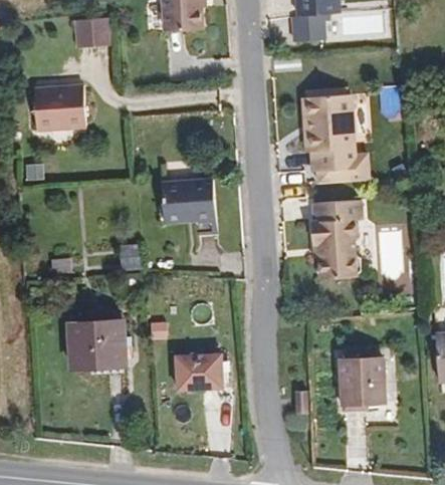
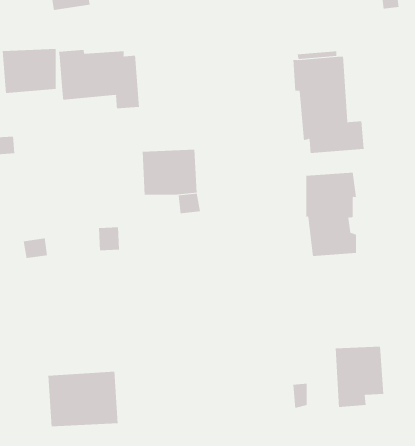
building: none -> [59,49,139,109]
building: [66,320,132,372] -> [47,371,118,427]
building: [177,354,225,394] -> none

